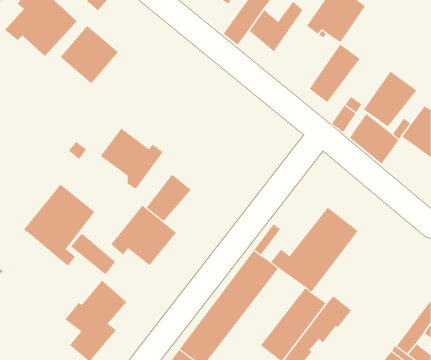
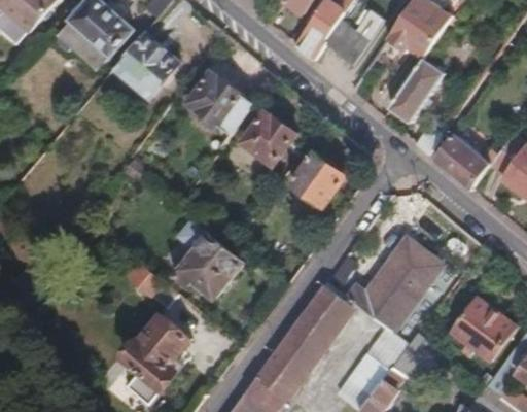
building: [363,71,417,127] -> none
building: none -> [241,112,295,165]
building: [100,128,163,190] -> [187,72,257,140]
building: none -> [291,152,346,208]
building: [146,174,192,222] -> none
building: [23,184,95,266] -> none
building: none -> [448,302,513,365]

